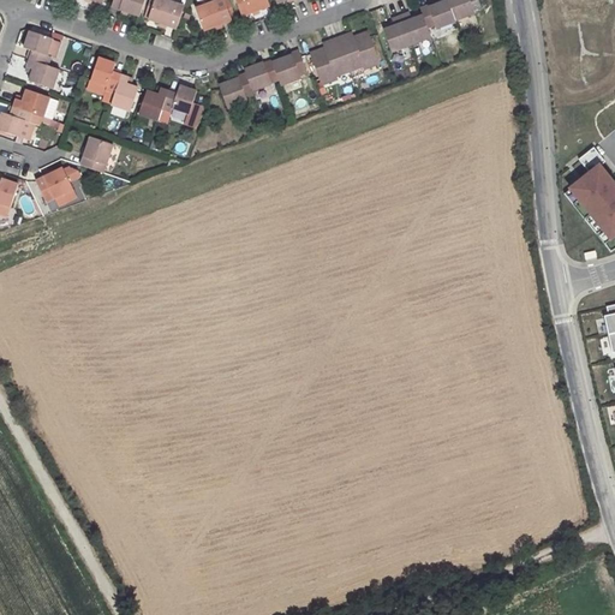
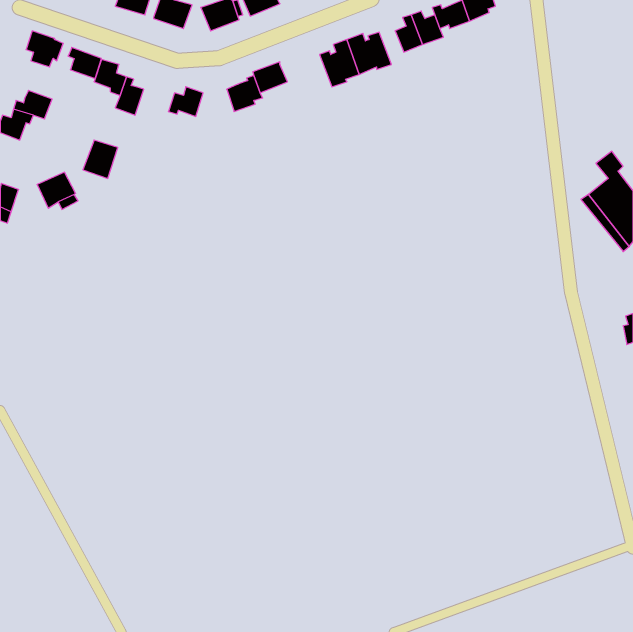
building: [271,49,308,85] -> none
building: [26,59,59,89] -> [68,47,101,78]
building: [139,86,169,120] -> none

